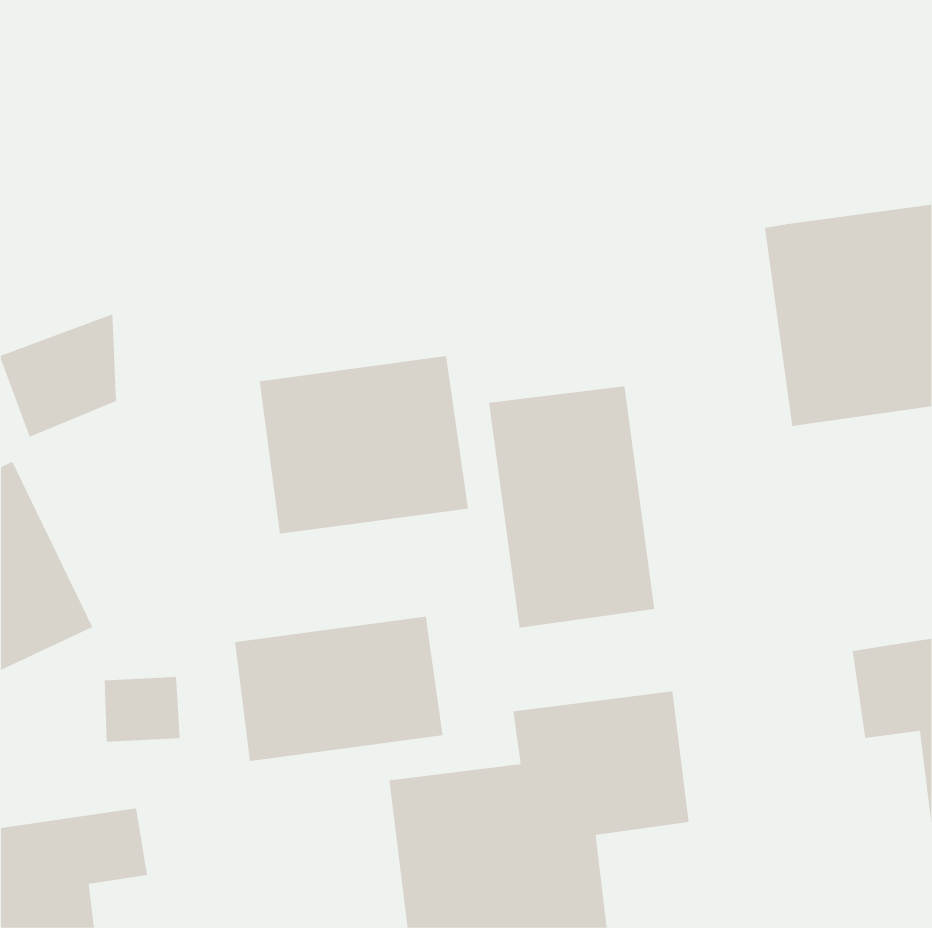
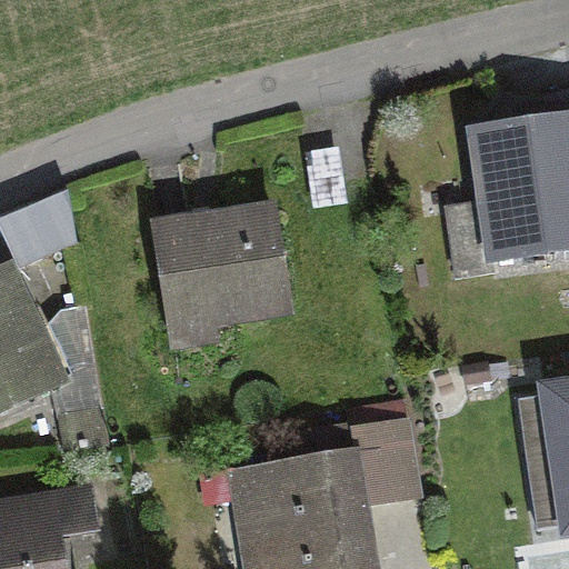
building: [489,385,655,628] -> none
building: [235,616,443,762] -> none

